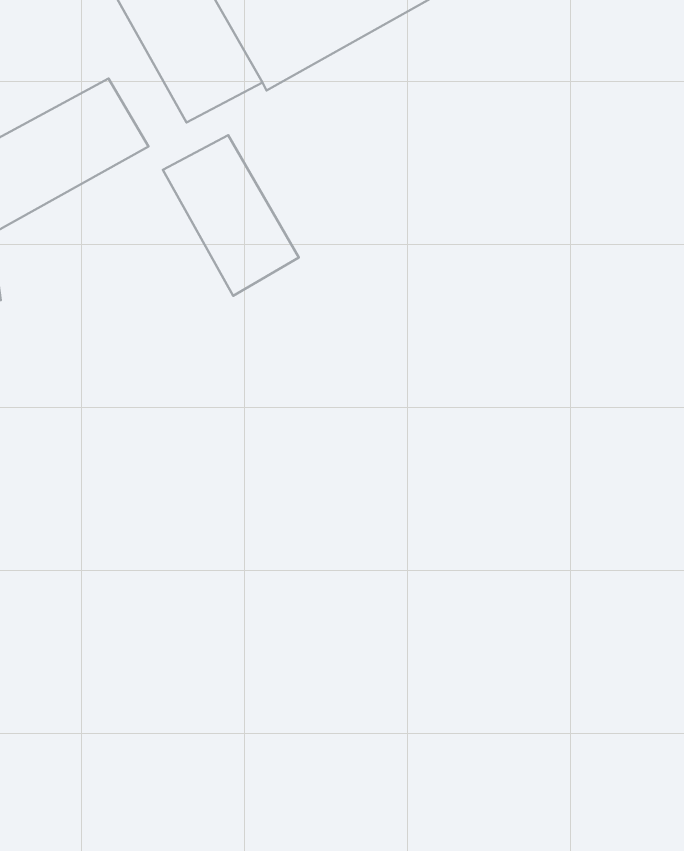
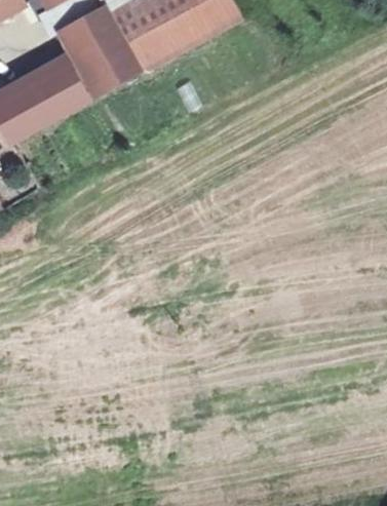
building: [163,135,299,296] -> none

